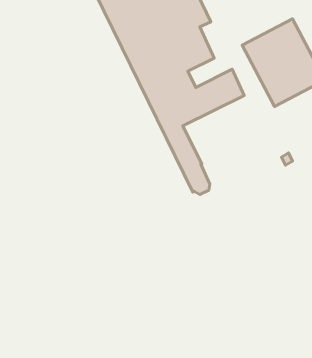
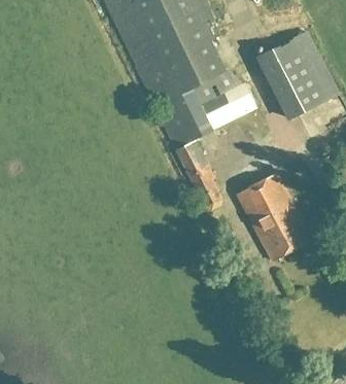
building: none -> [237,173,312,261]

